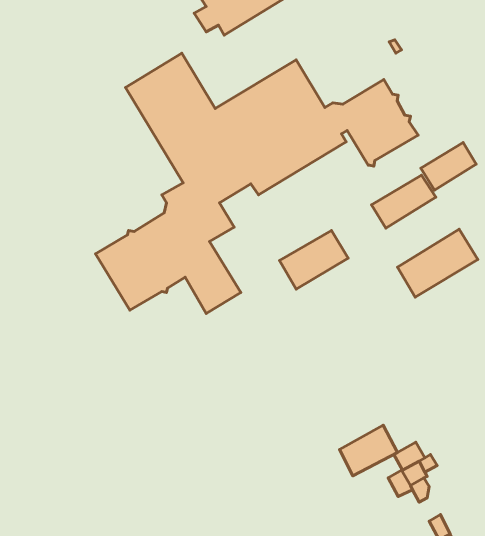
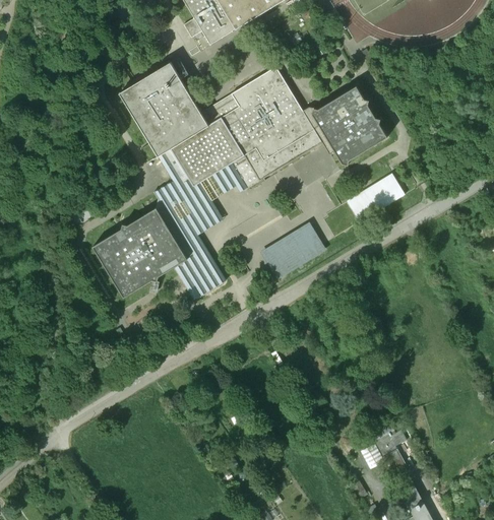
building: [421,143,476,190] -> none
building: [397,229,478,297] -> none
building: [339,425,397,476] -> none

